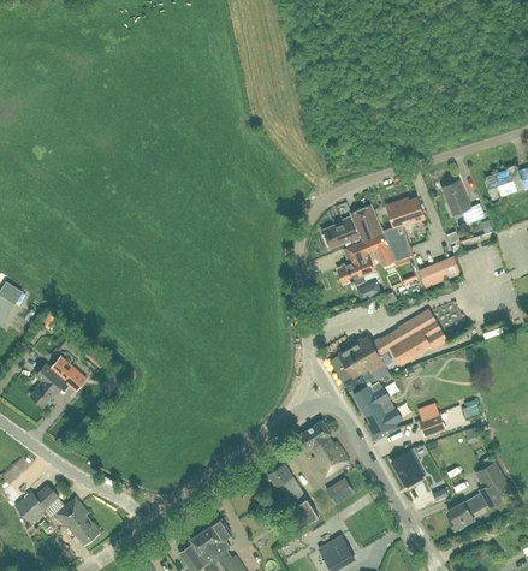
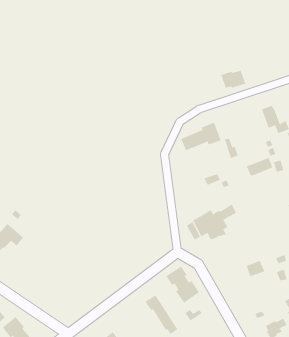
building: [386,198,425,226] -> [220,70,246,89]
building: [338,233,393,284] -> none
building: [391,307,449,365] -> none
building: [352,381,401,439] -> none
building: [390,450,423,486] -> none

